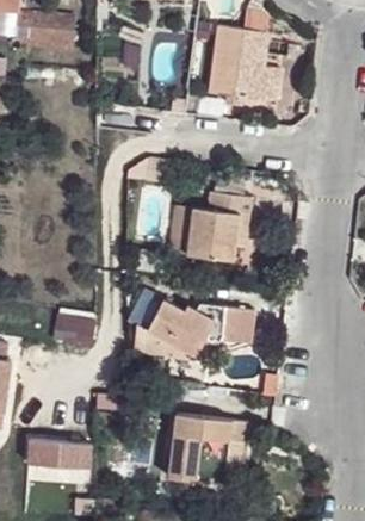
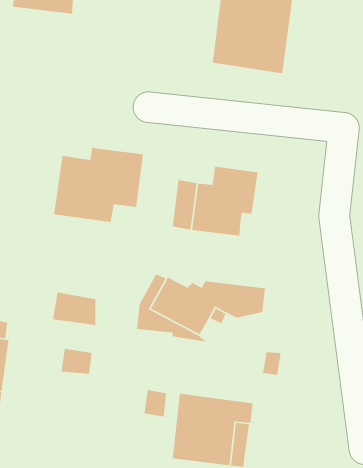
building: none -> [53,147,144,223]
building: [29,439,89,467] -> none

